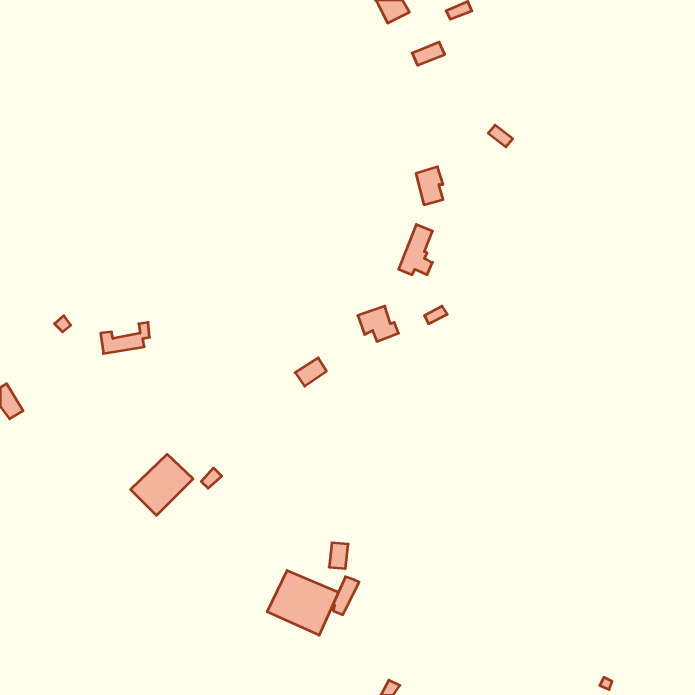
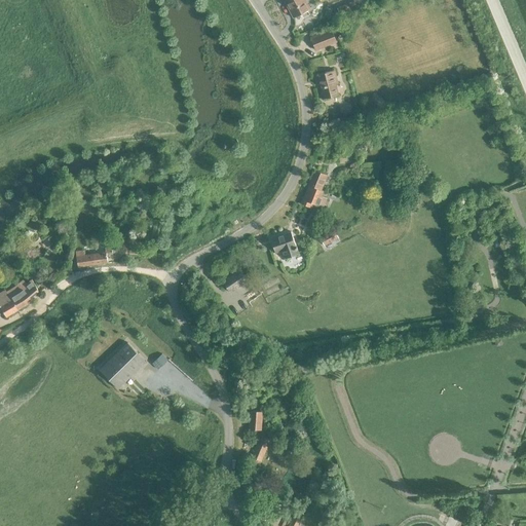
building: [416,167,443,205] -> [317,70,338,99]
building: none -> [6,279,40,310]
building: [267,570,338,635] -> none

